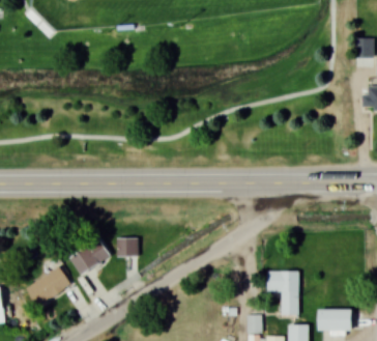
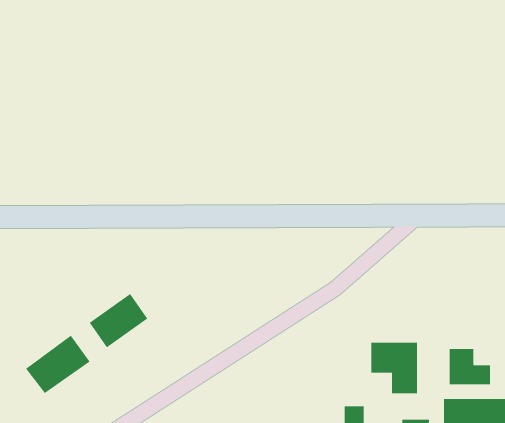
building: [116,237,137,256] -> none
building: none -> [449,348,490,385]

